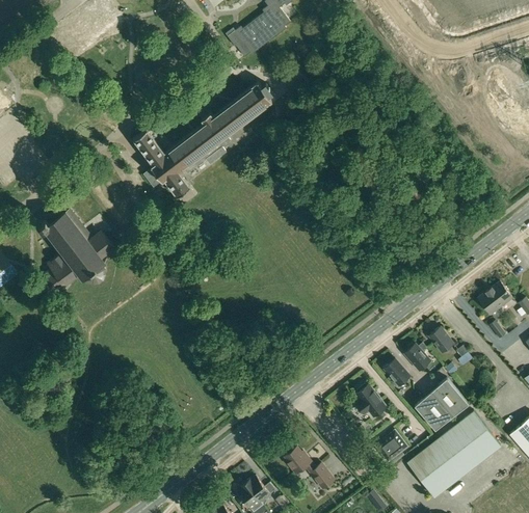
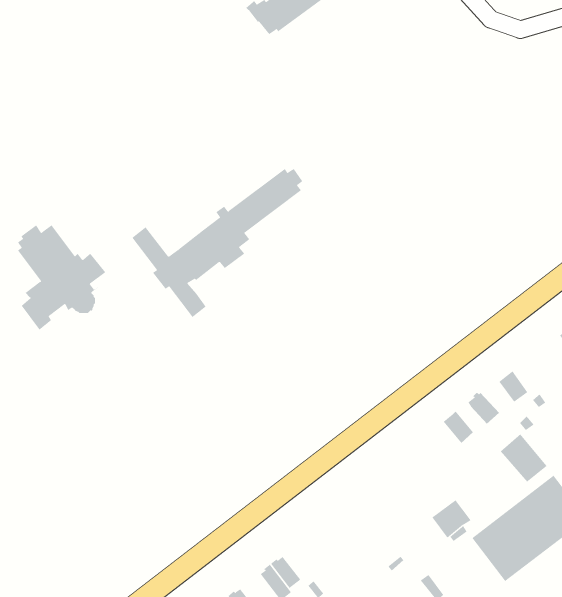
building: [135,84,273,205] -> [132,168,303,318]
building: [355,384,387,417] -> none
building: [415,393,452,430] -> none
building: [285,448,334,489] -> none

